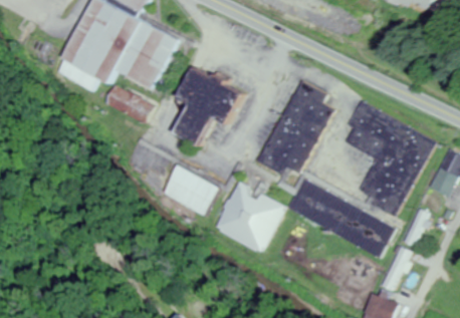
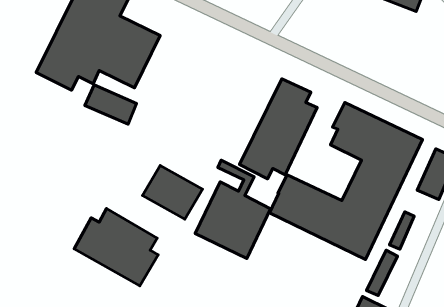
building: [181,69,248,145] -> none
building: none -> [74,208,158,286]

